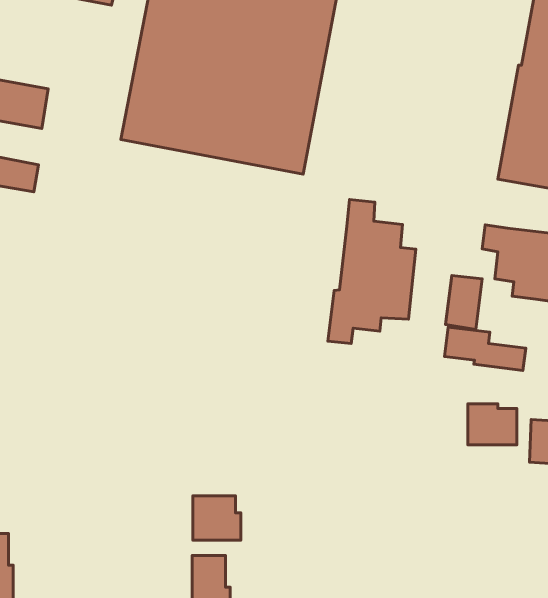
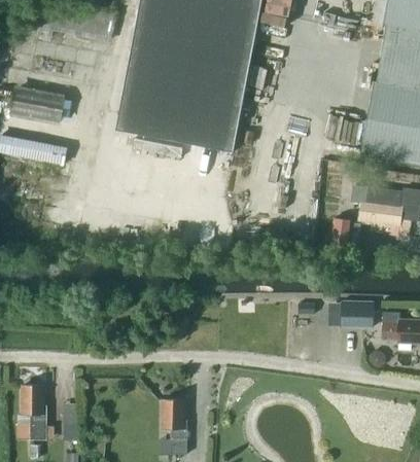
building: [328,200,416,343] -> none
building: [445,327,526,370] -> none
building: [193,496,241,540] -> none

